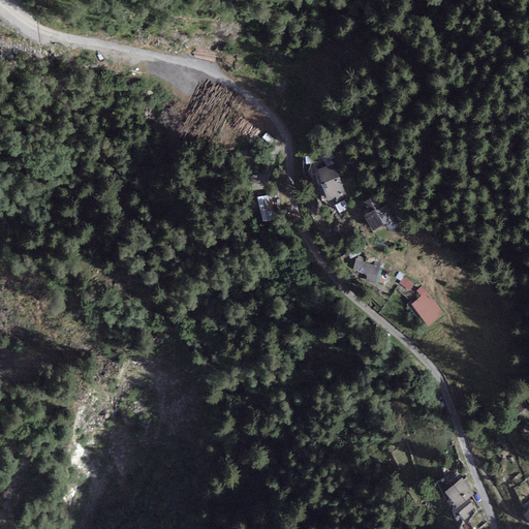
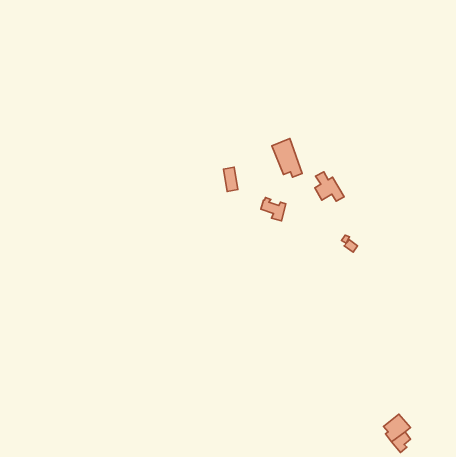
building: [352,256,381,283] -> [261,198,286,221]
building: [410,286,442,325] -> none

